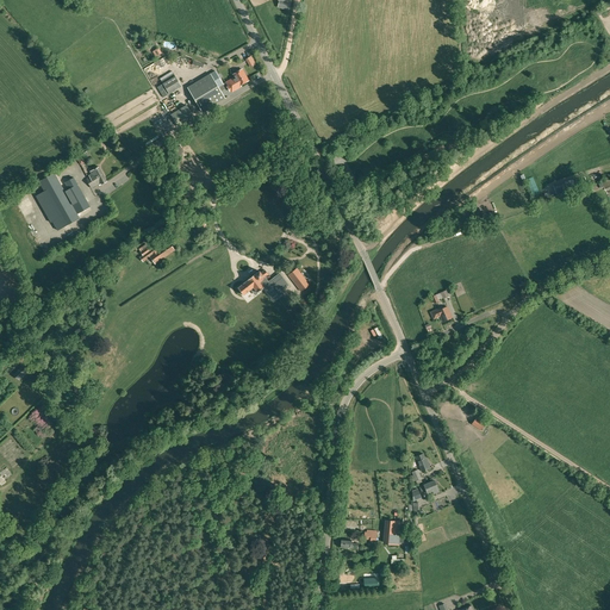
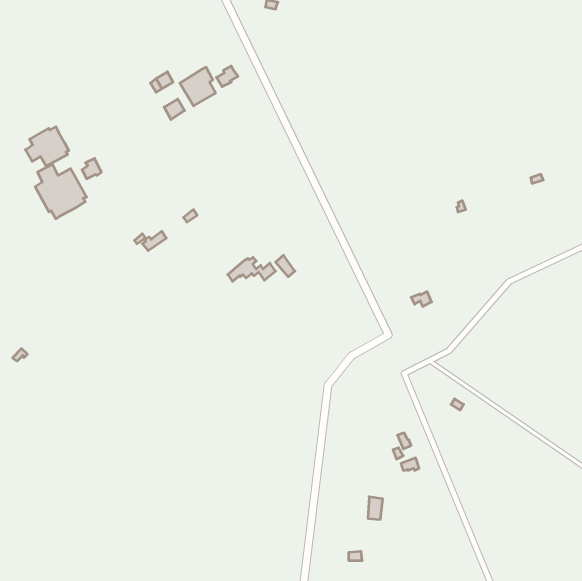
building: none -> [25,127,69,166]

